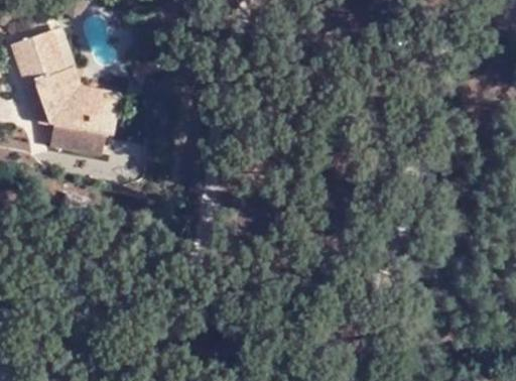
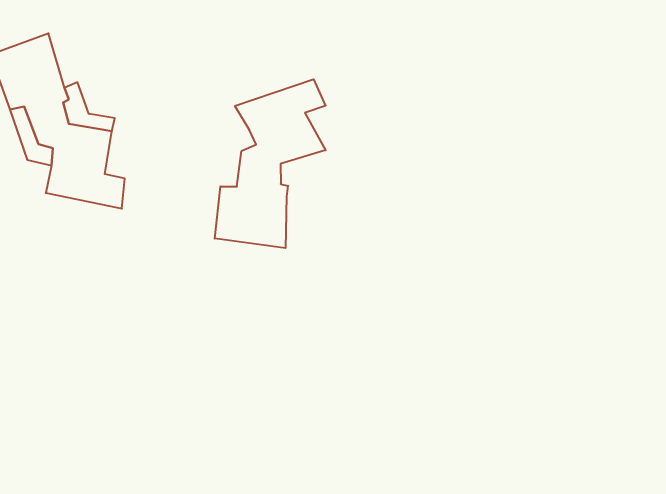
building: none -> [215,79,326,248]
building: [91,89,120,133] -> none

